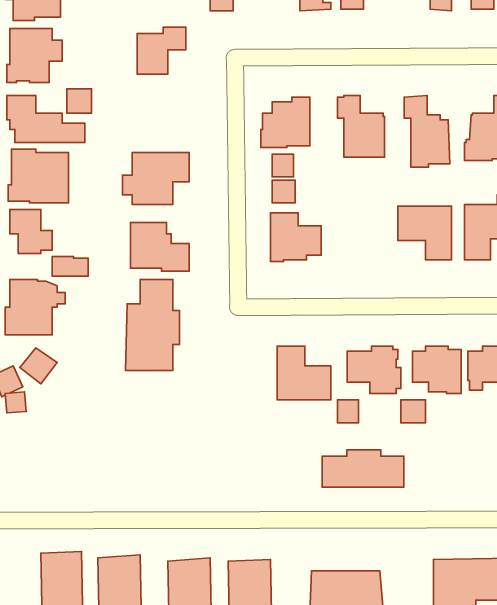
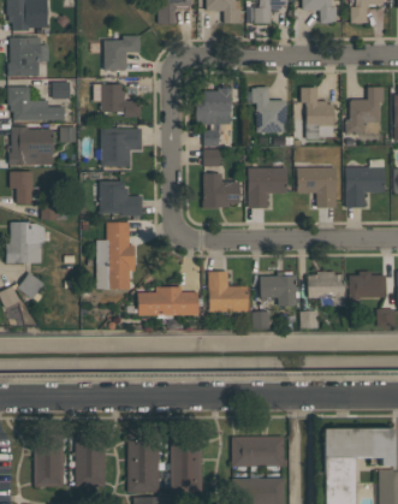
building: none -> [95,84,142,117]
building: none -> [249,168,287,209]
building: [322,450,404,487] -> [138,287,198,315]

